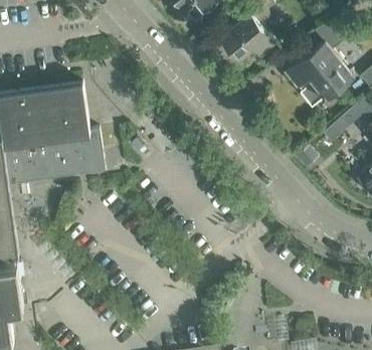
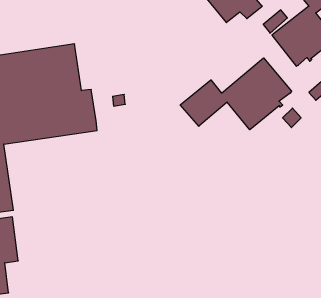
building: none -> [180,58,292,130]

